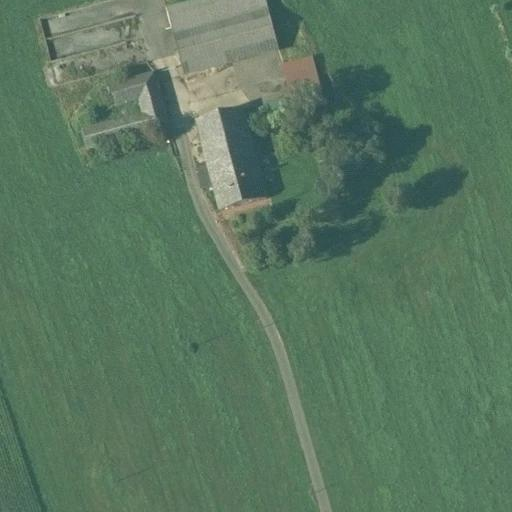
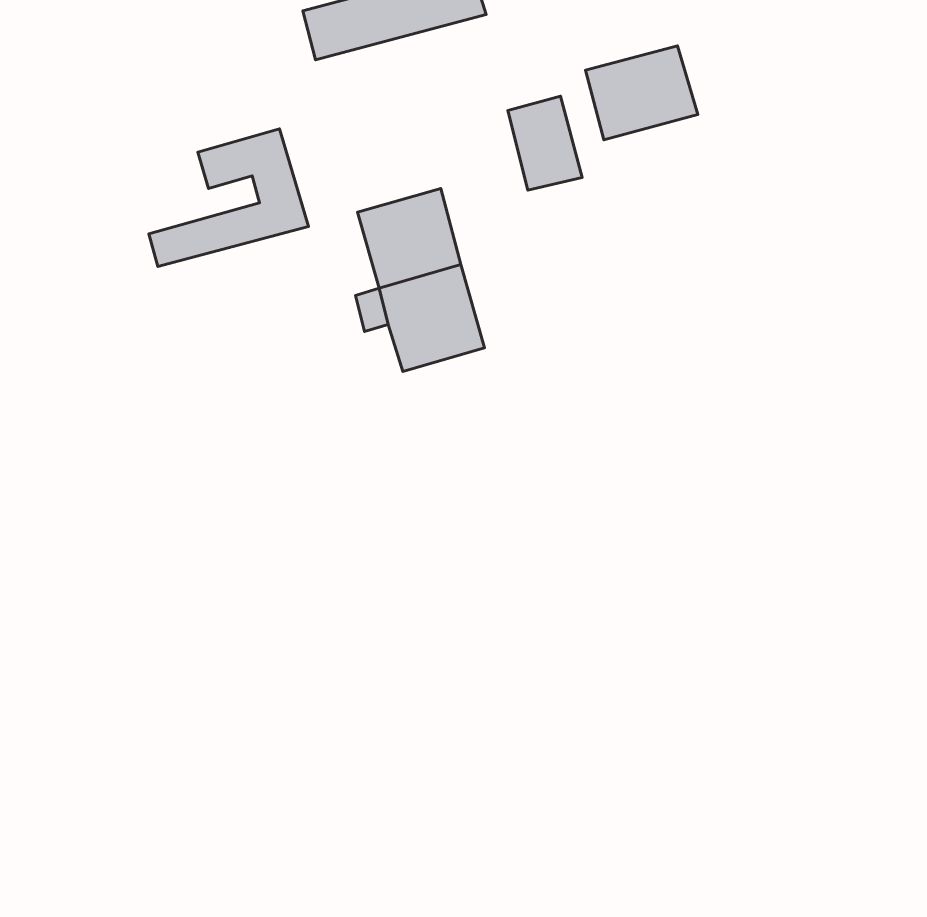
building: [174,8,278,72] -> none
building: none -> [585,46,698,140]

